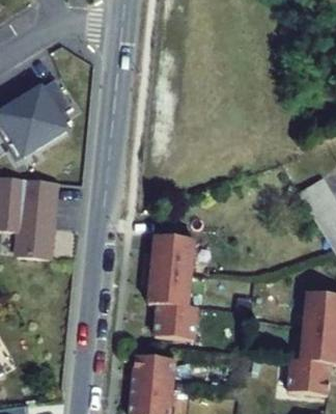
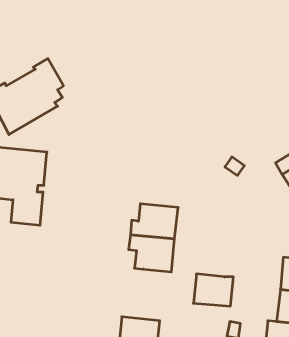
building: [153,304,196,338] -> [193,274,233,306]

